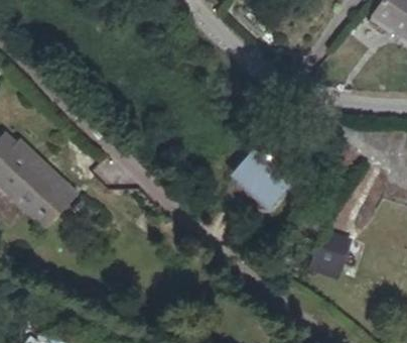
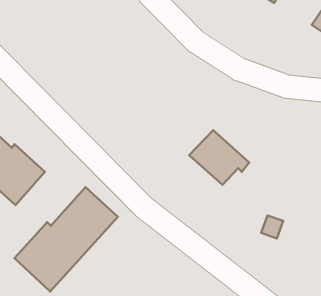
building: none -> [14,187,118,291]

